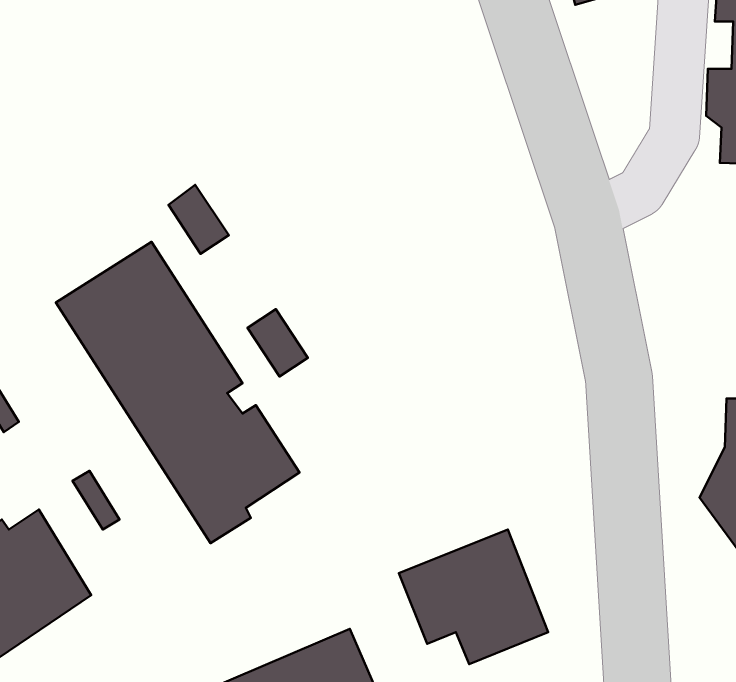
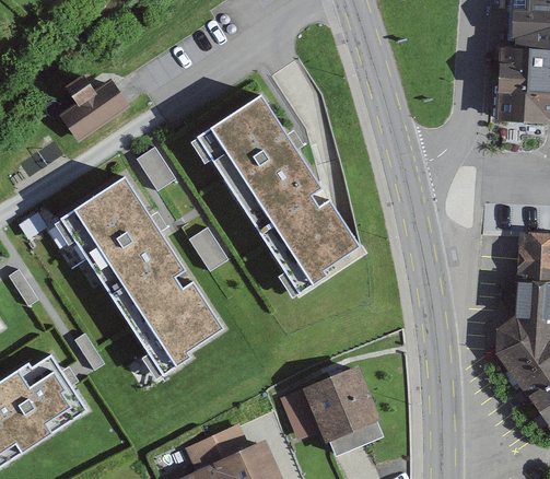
building: none -> [60,74,131,138]
building: none -> [197,94,359,297]

